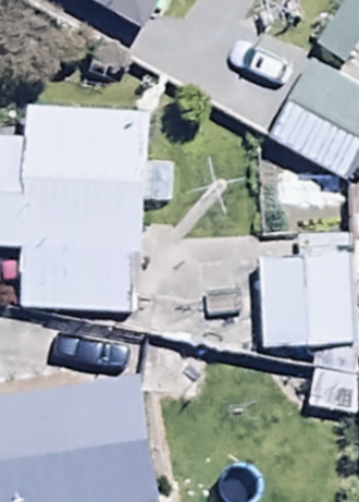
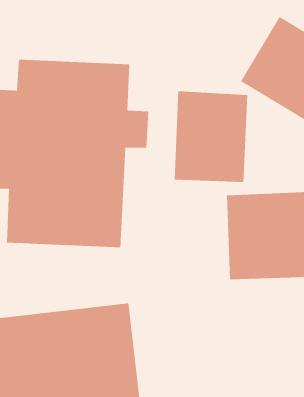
building: none -> [174,91,248,183]

